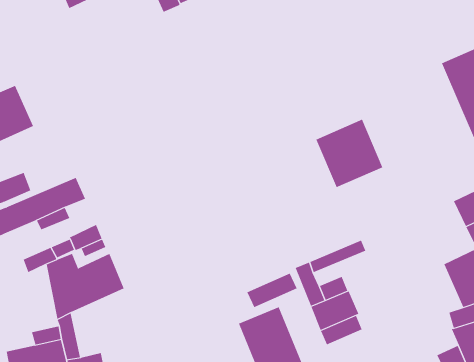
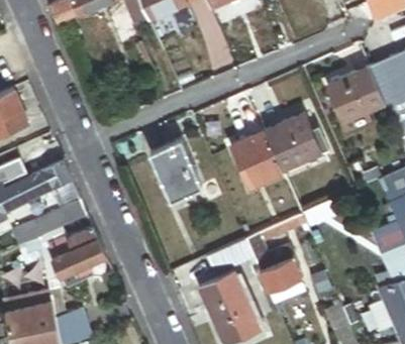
building: none -> [327,69,386,125]
building: none -> [230,132,283,190]
building: none -> [150,140,202,201]

